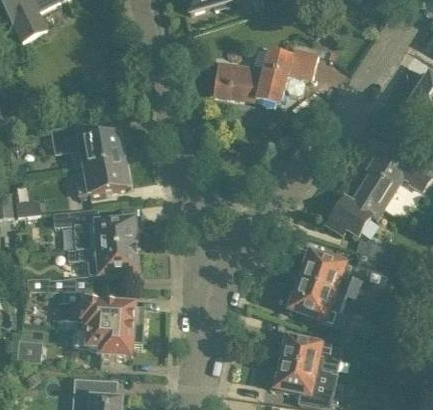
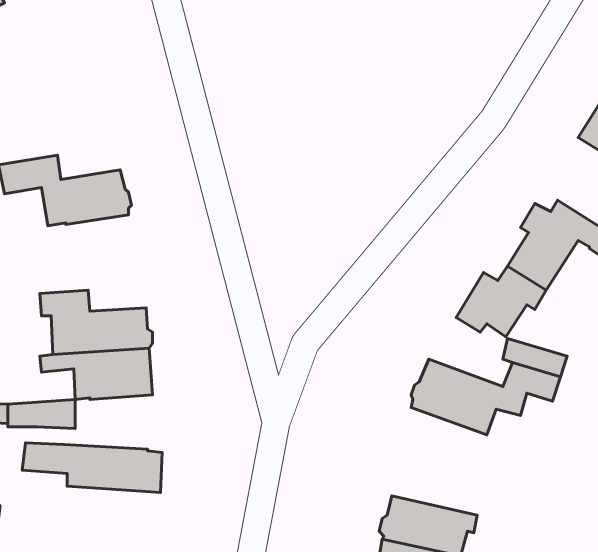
building: [212,48,315,105] -> none
building: [75,159,127,194] -> none
building: [287,279,345,326] -> none
building: [73,328,142,358] -> none

